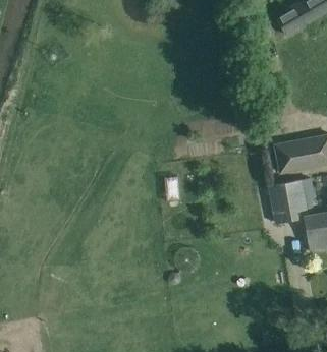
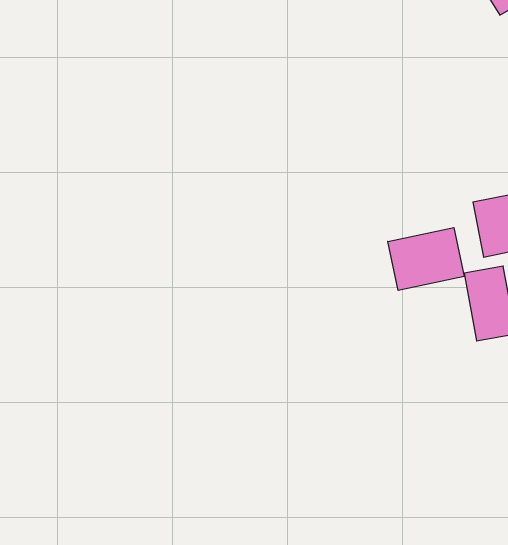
building: none -> [388,228,464,290]

